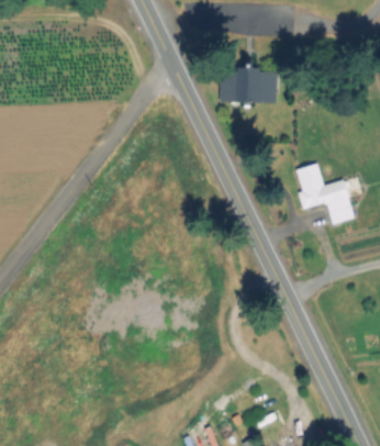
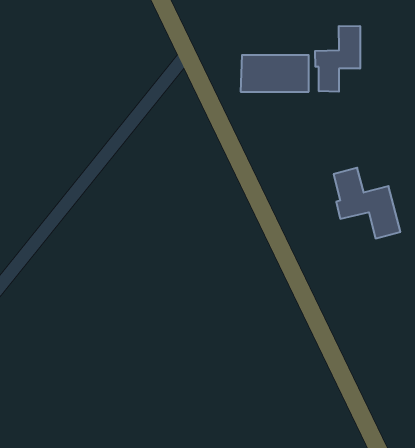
building: none -> [315,26,360,92]

